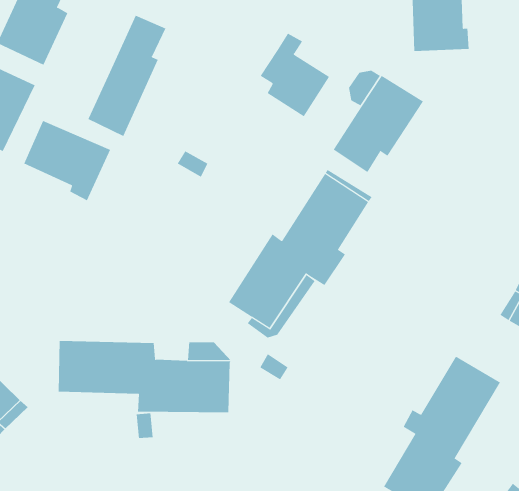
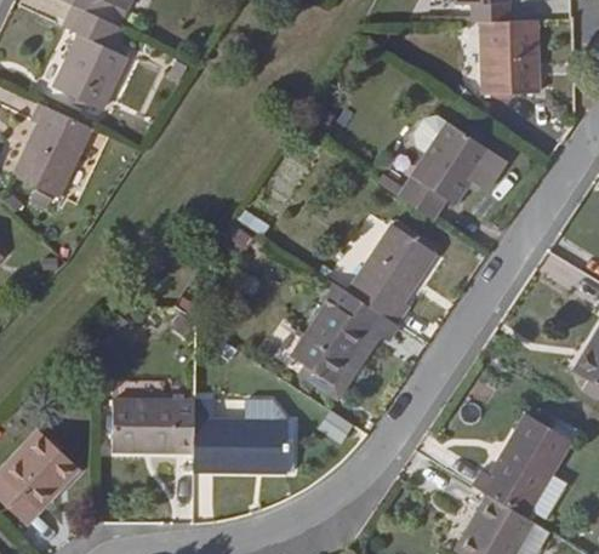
building: [87,15,166,137] -> none
building: [260,33,330,117] -> none
building: [23,120,111,201] -> none

